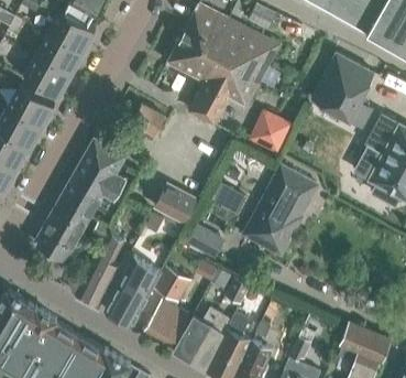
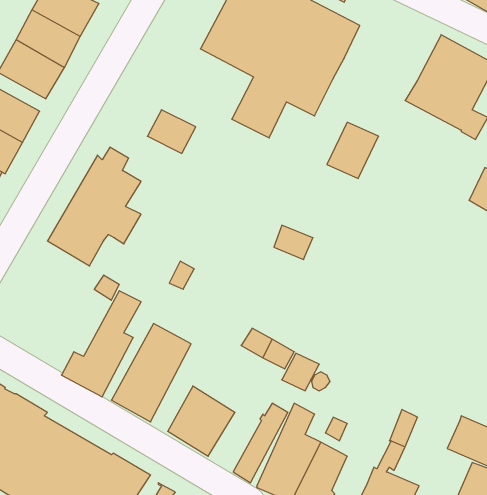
building: [242,166,316,257] -> none
building: [154,184,196,224] -> none
building: [35,198,89,266] -> none
building: [188,225,226,259] -> none
building: [153,268,189,302] -> none
building: [173,307,218,361] -> none

